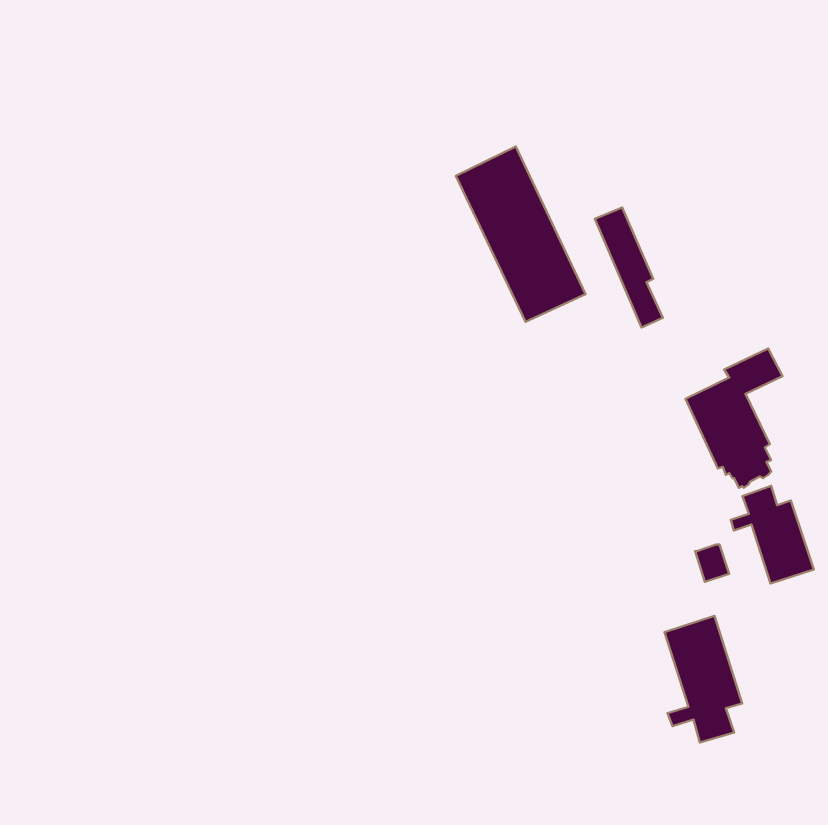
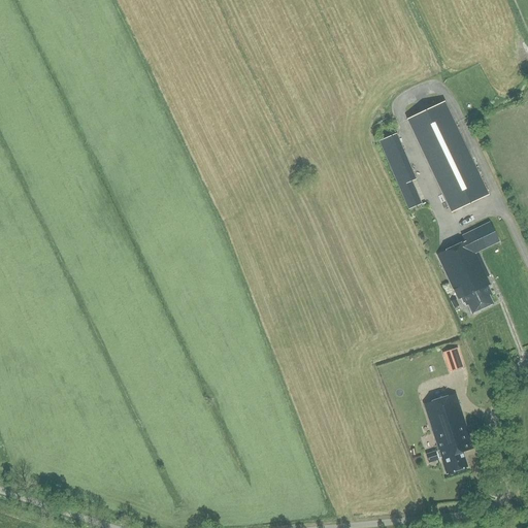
building: [456,147,585,322] -> [406,99,489,210]
building: [731,486,814,583] -> none

